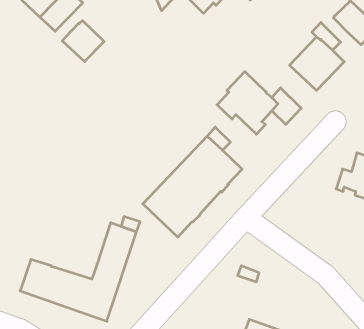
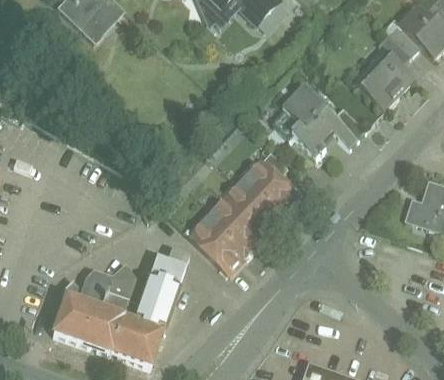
building: none -> [384,18,420,56]
building: [62,21,104,62] -> none
building: none -> [65,264,139,321]

